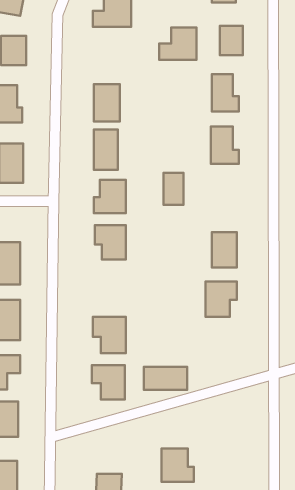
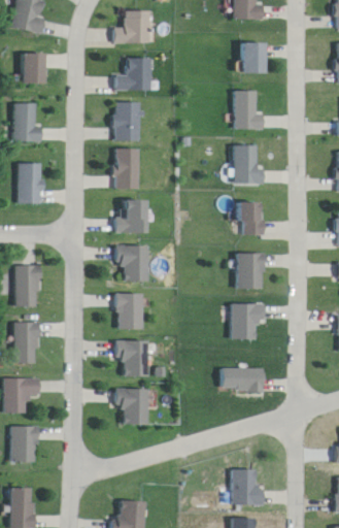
building: [159,28,196,60] -> [114,58,152,91]
building: [163,173,184,205] -> [240,202,261,235]
building: none -> [115,294,142,329]
building: [144,367,187,390] -> [217,368,262,392]
building: [162,449,194,482] -> [228,470,261,504]

